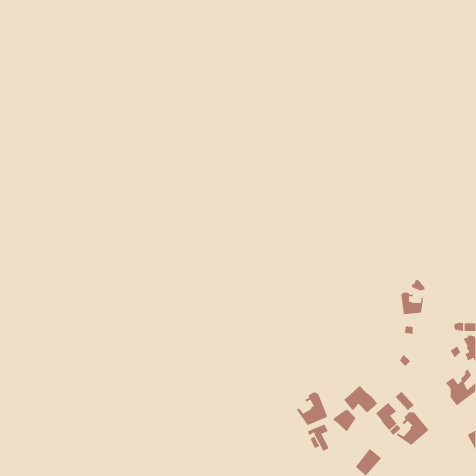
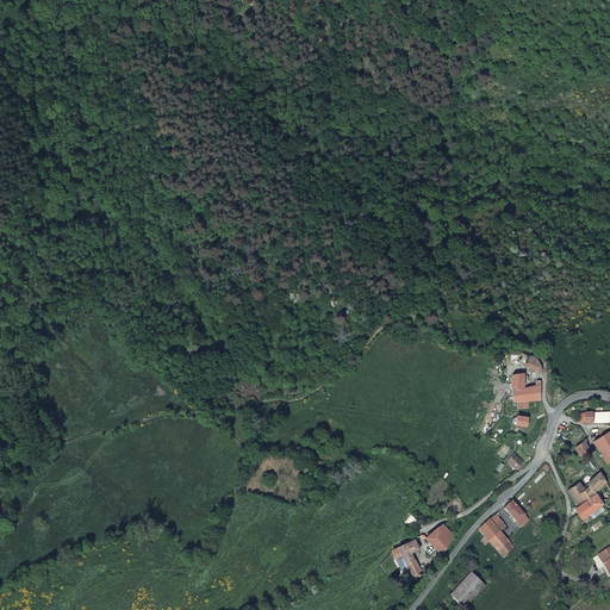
building: [343,385,378,413] -> none
building: [296,392,328,426] -> none
building: [396,411,429,446] -> none

